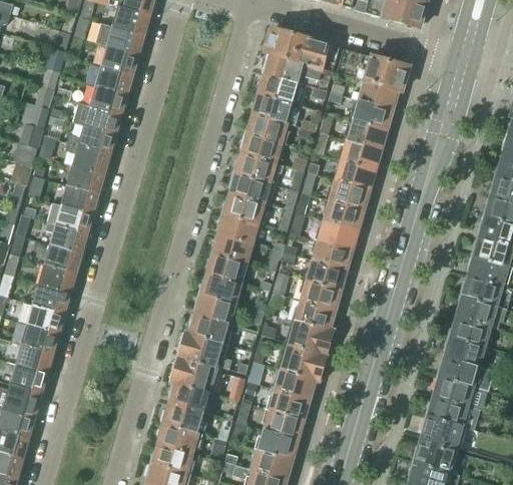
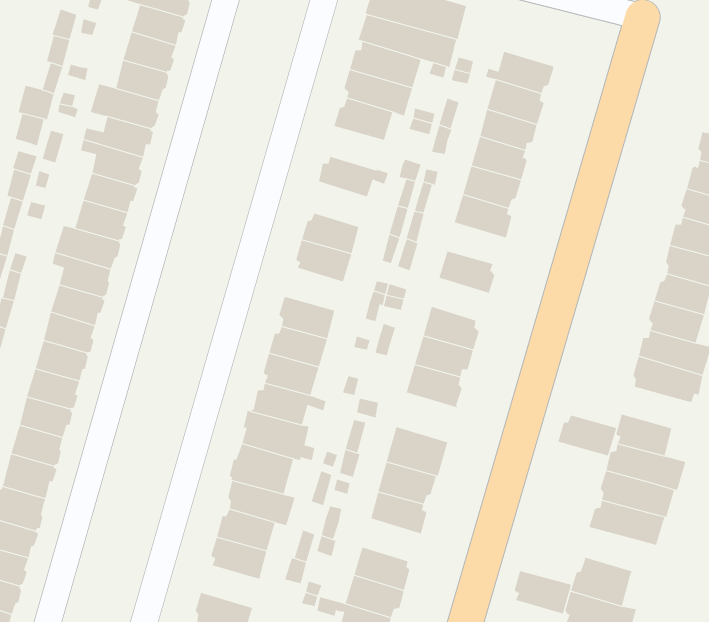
building: [337,48,409,89] -> none
building: [240,131,281,162] -> none
building: [228,170,269,202] -> none
building: [325,199,367,228] -> none
building: [209,231,251,262] -> none
building: [314,238,355,269] -> none
building: [448,316,490,345] -> [558,415,617,456]
building: [289,320,333,355] -> none
building: [265,409,307,439] -> none
building: [421,415,462,446] -> [514,570,572,614]
building: [150,442,192,472] -> none

